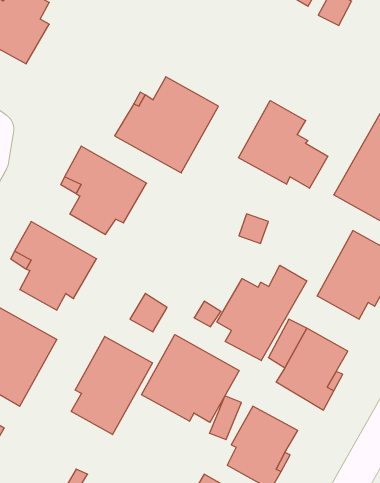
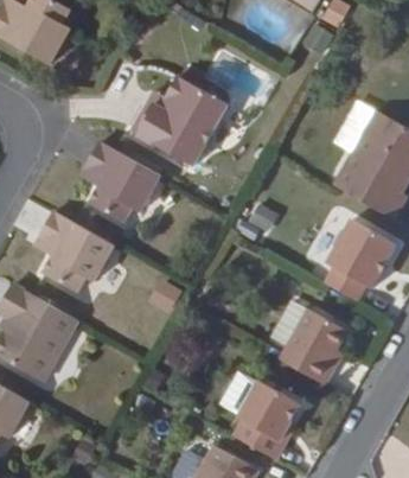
building: [238,101,328,188] -> none
building: [217,265,307,361] -> none
building: [142,335,239,422] -> none
building: [71,336,152,435] -> none

